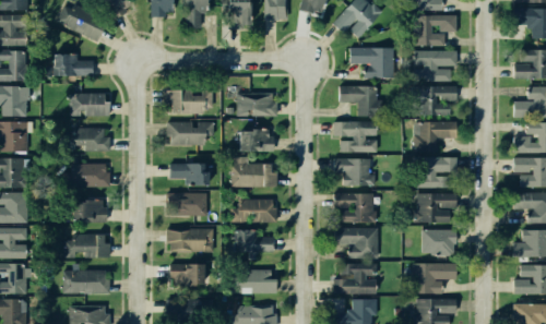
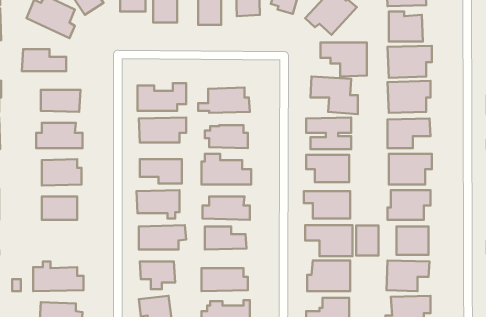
building: none -> [356,226,379,256]
building: [64,235,111,257] -> none

